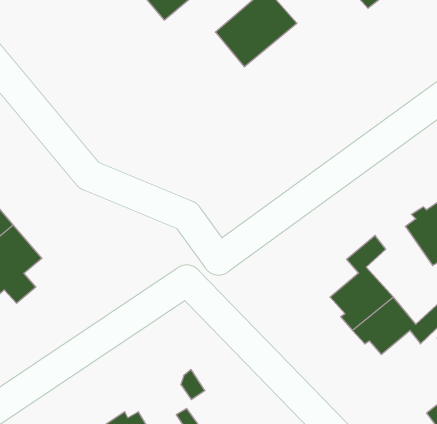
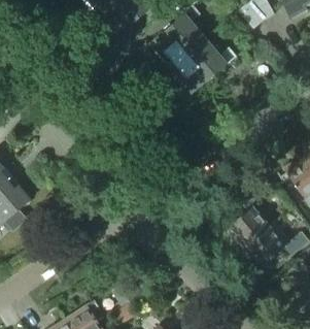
building: none -> [169,38,236,93]

